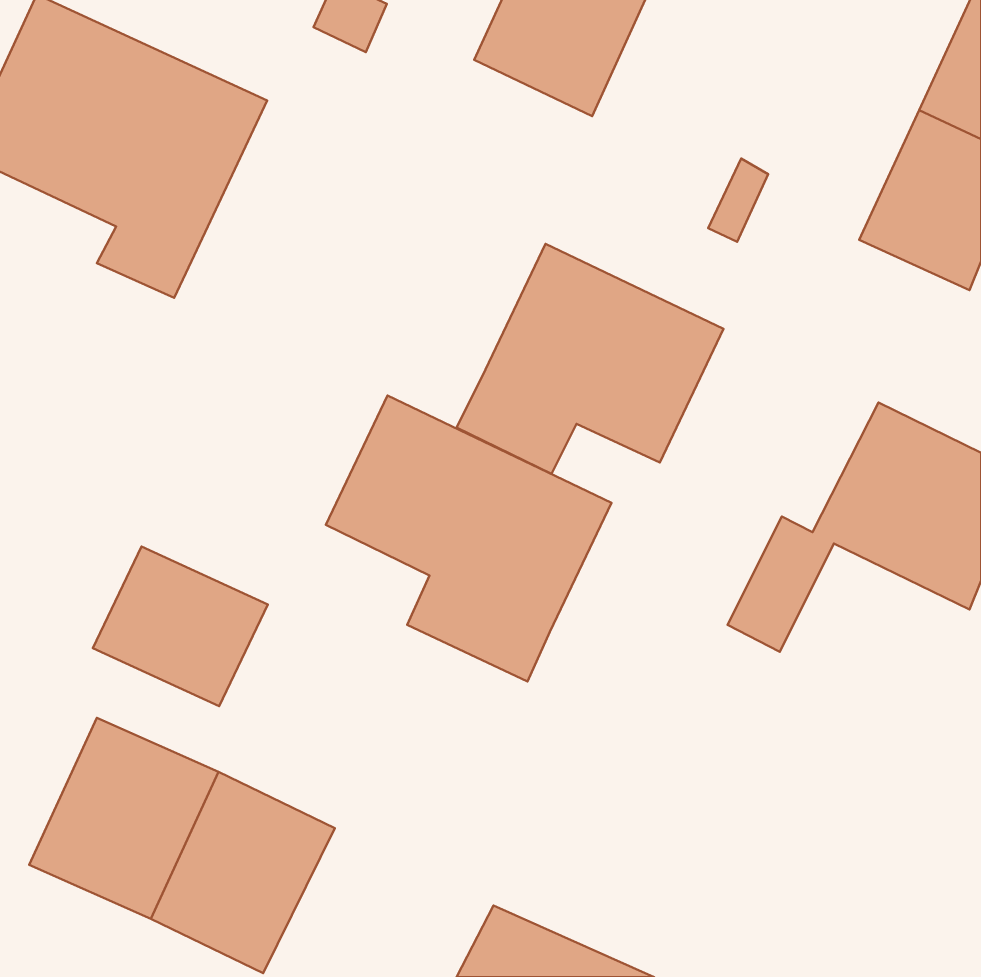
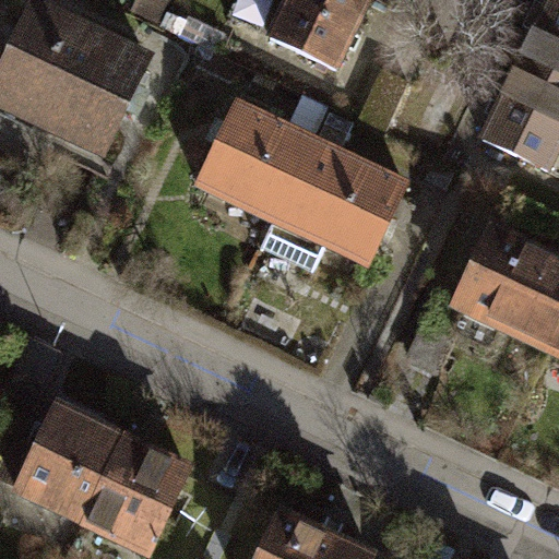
building: none -> [199,104,308,213]
building: [326,396,612,681] -> none
building: [93,546,268,706] -> none

